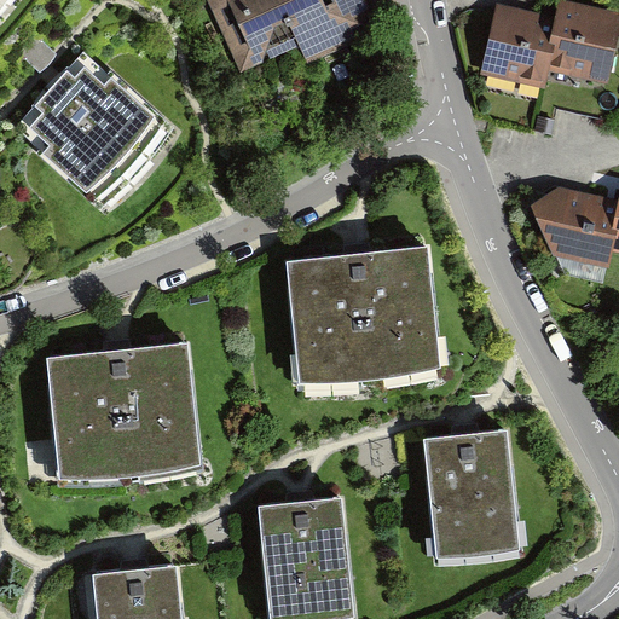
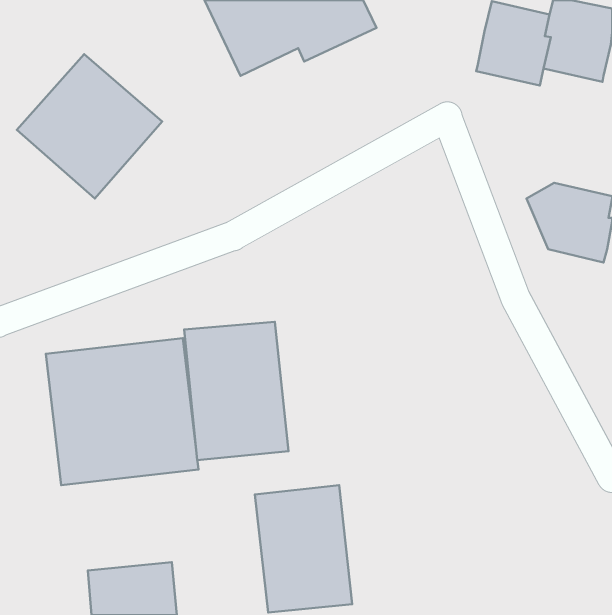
building: [290,247,438,392] -> none
building: none -> [184,322,289,460]
building: [424,428,515,561] -> none

